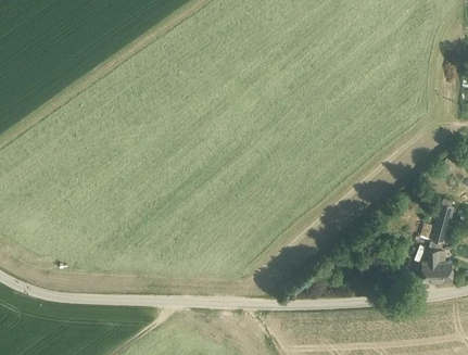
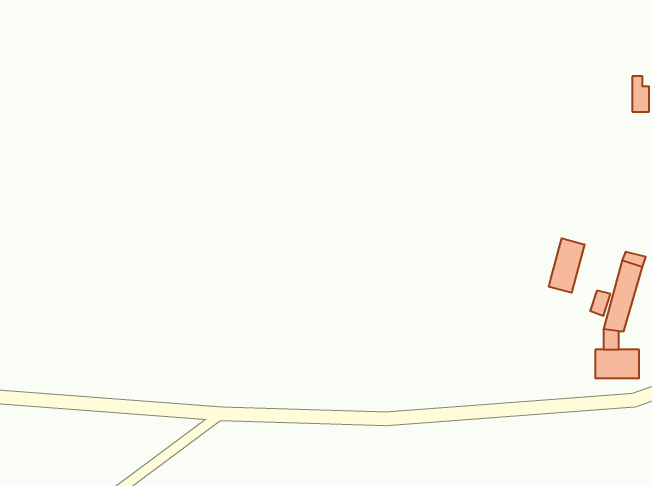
building: none -> [549,238,585,293]

